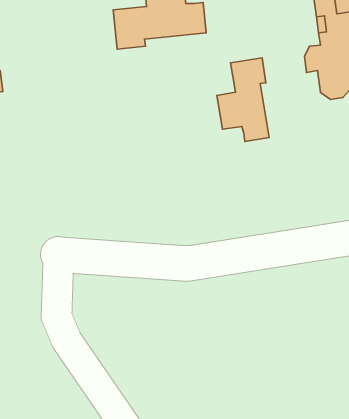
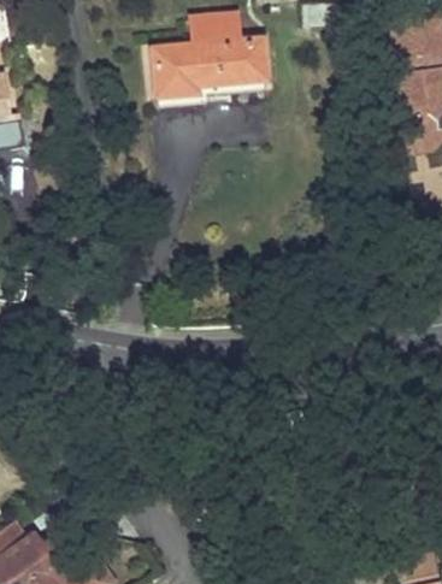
building: [217,58,269,142] -> none

